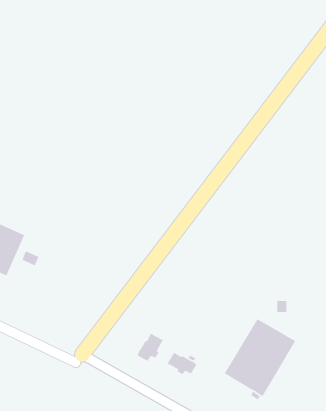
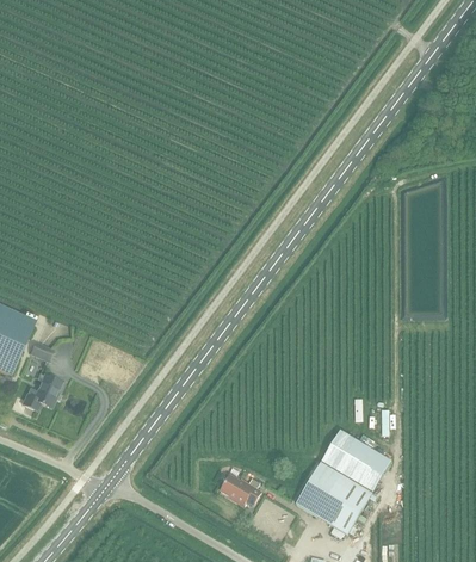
building: none -> [20,372,61,410]
building: [136,333,164,362] -> none

